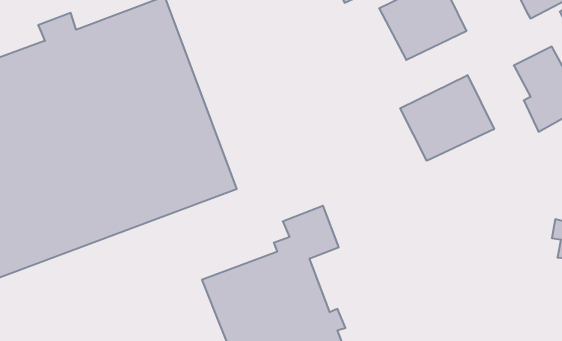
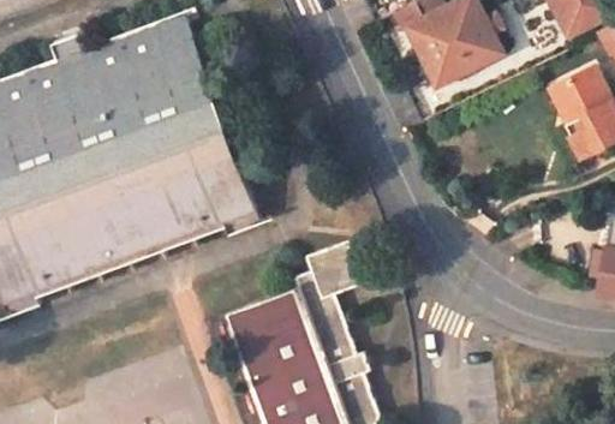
building: [400,75,494,161] -> none

